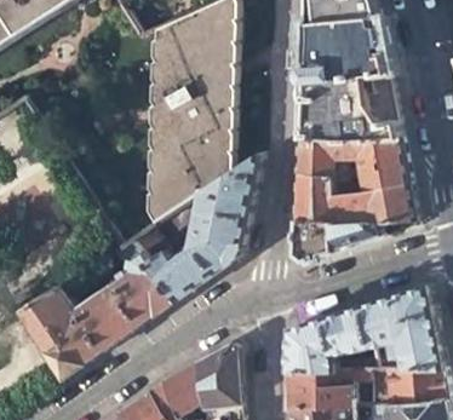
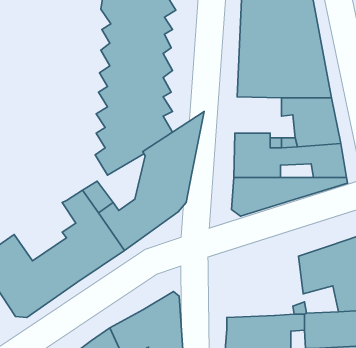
building: [293,137,343,177] -> none
building: [285,306,366,372] -> none

